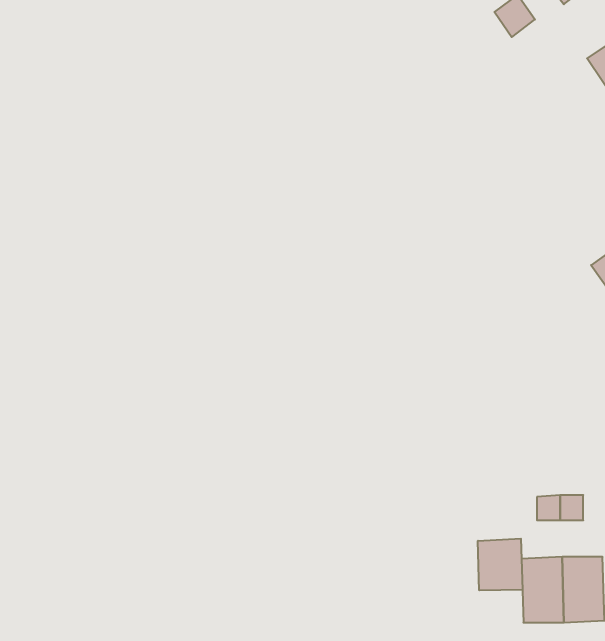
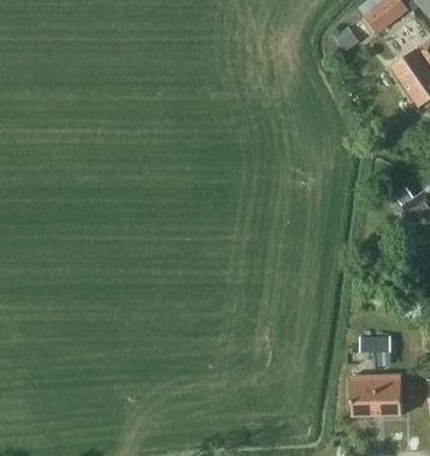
building: [478,539,522,590] -> none

